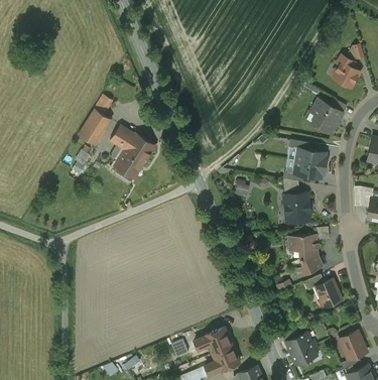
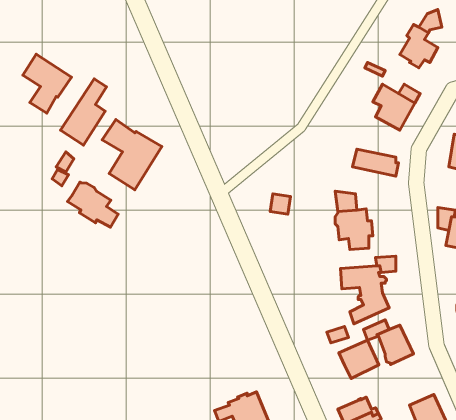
building: none -> [23,54,72,113]
building: [293,161,329,182] -> none
building: none -> [68,182,118,227]
building: none -> [339,340,379,379]

